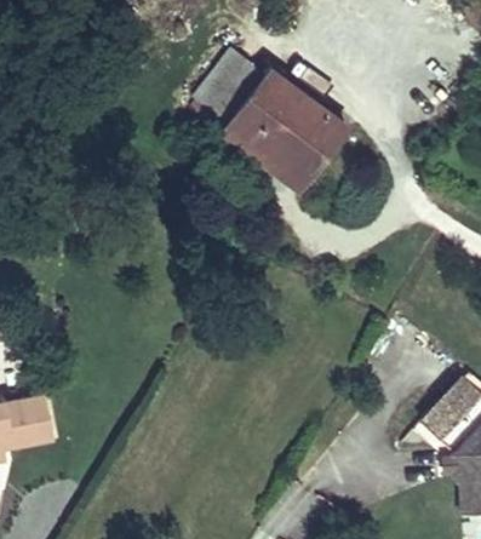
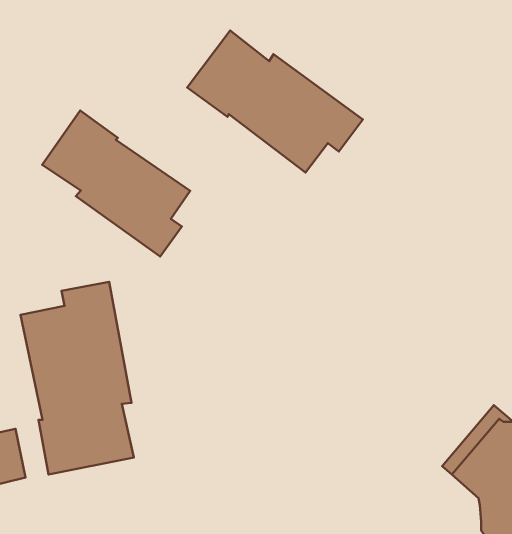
building: none -> [42,110,190,256]
building: none -> [21,282,134,474]

